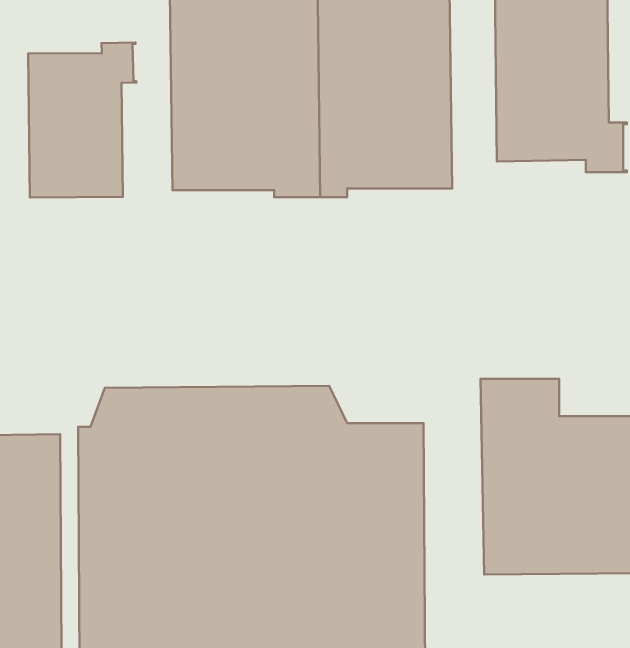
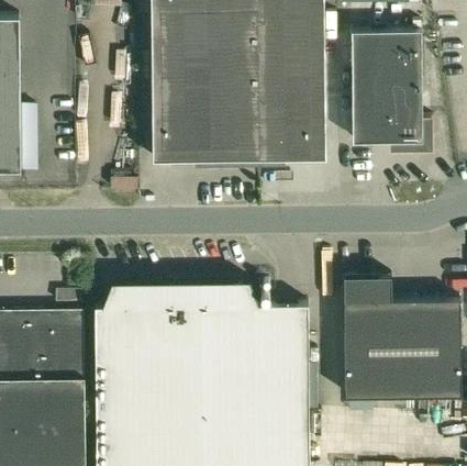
building: [28,43,136,197] -> none

